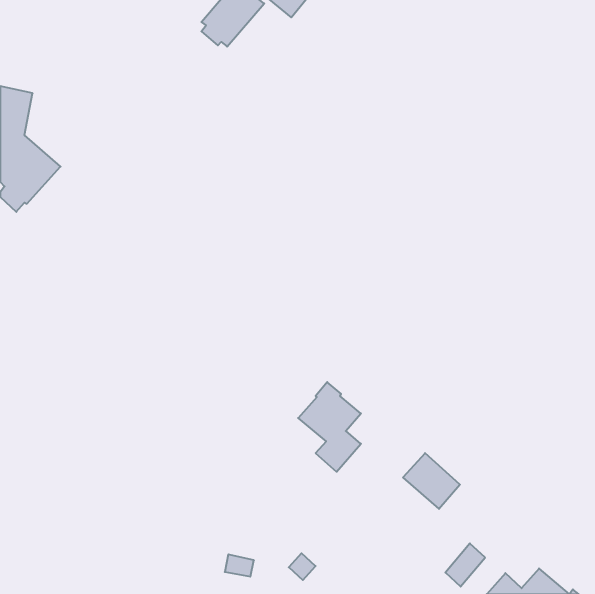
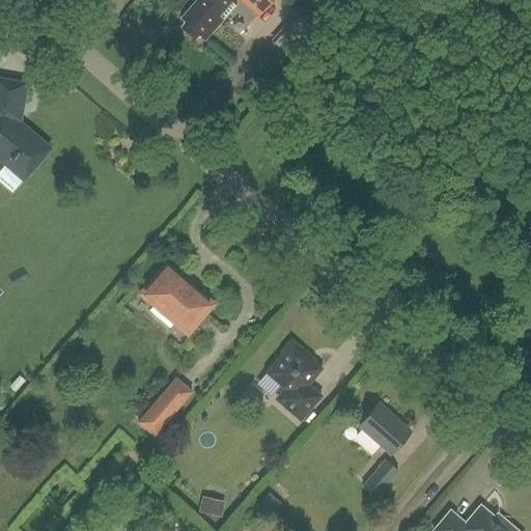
building: none -> [144,268,209,330]
building: none -> [136,375,192,436]
building: [445,543,485,587] -> [362,458,397,497]

